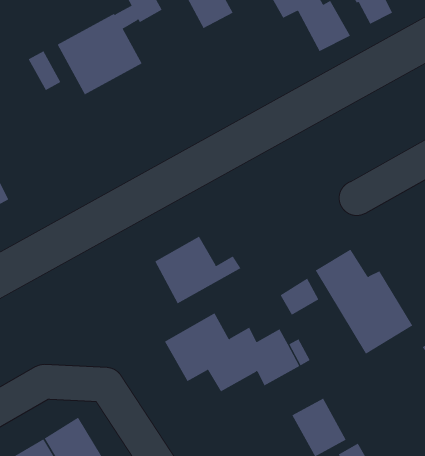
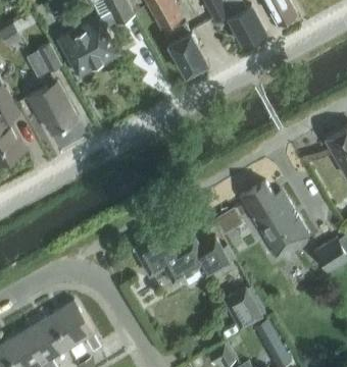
building: none -> [165,24,208,76]
building: none -> [29,83,78,135]
building: [154,236,241,304] -> none

